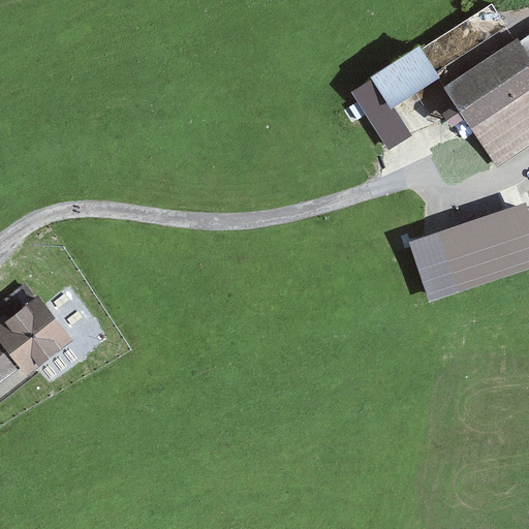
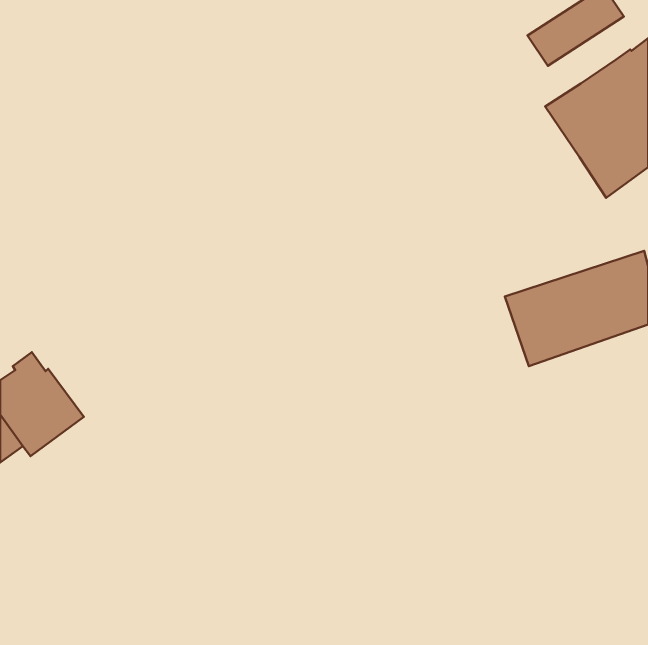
building: [356,42,450,147] -> none

